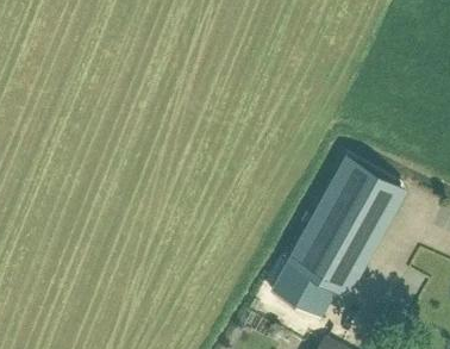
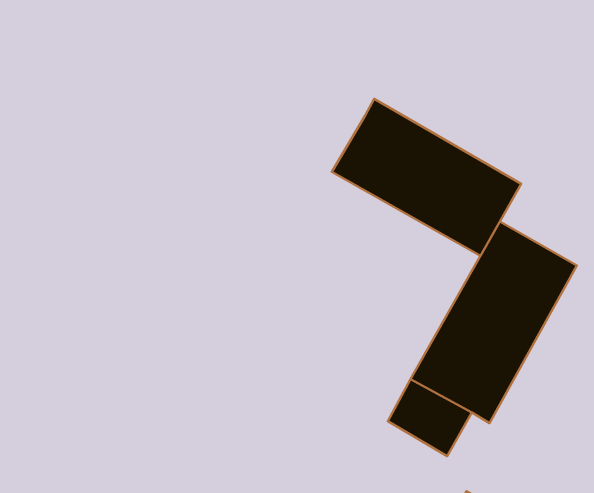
building: none -> [332,99,521,256]

